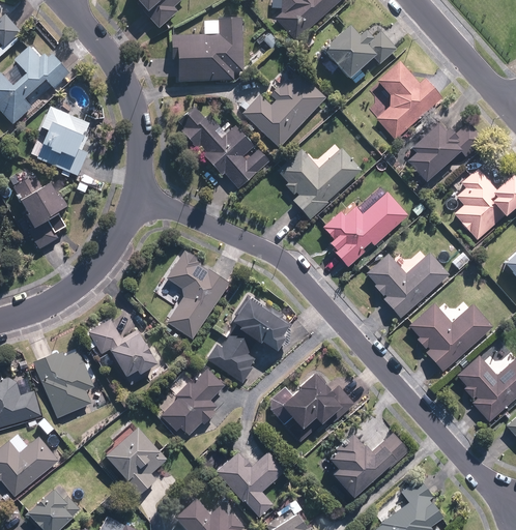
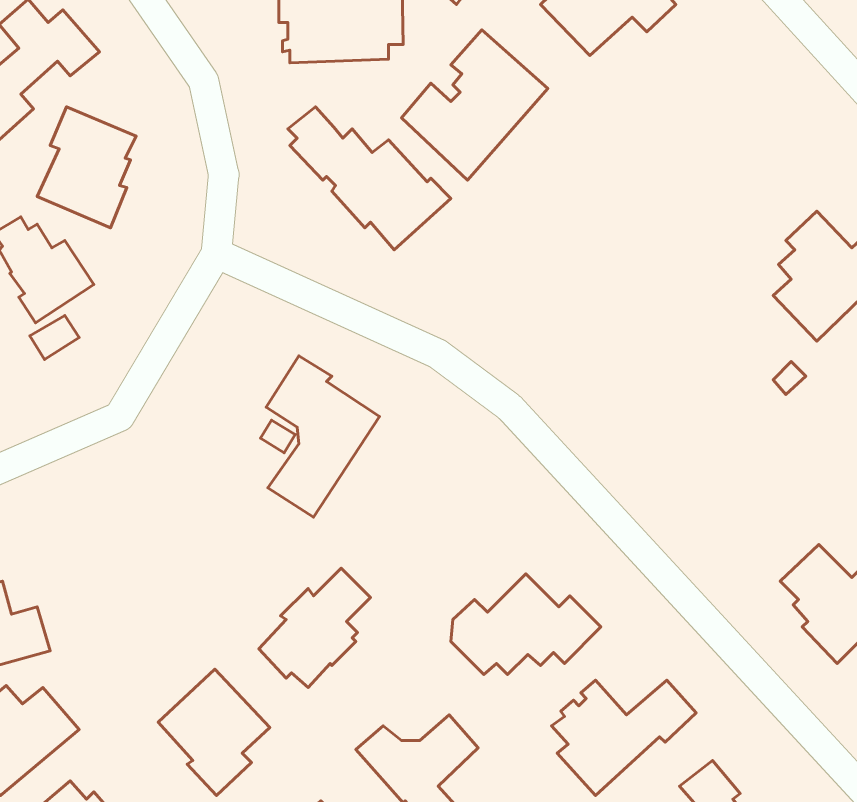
building: [376,61,441,140] -> none
building: [404,121,485,183] -> none
building: [277,147,362,219] -> none
building: [323,192,408,267] -> none
building: [366,253,450,318] -> none
building: [206,296,288,385] -> none
building: [409,302,493,373] -> none
building: [87,317,157,377] -> none
building: [34,349,95,419] -> none

